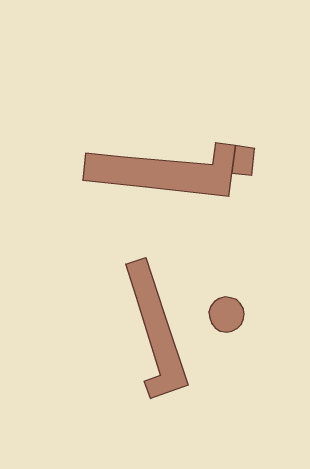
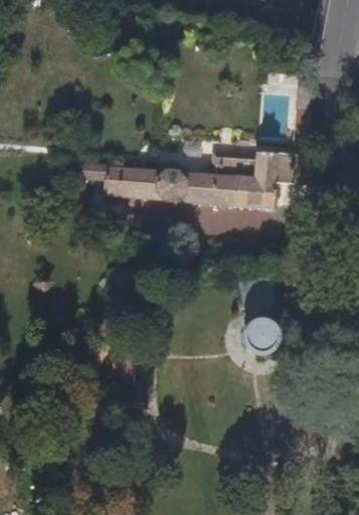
building: [126,258,188,399] -> none

